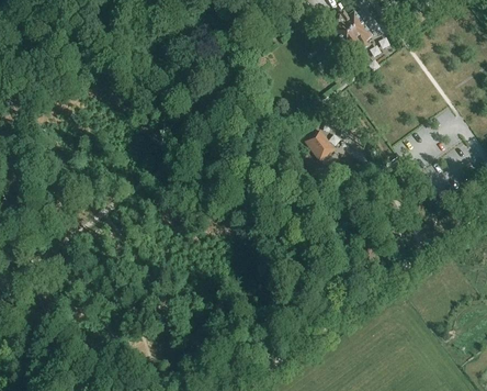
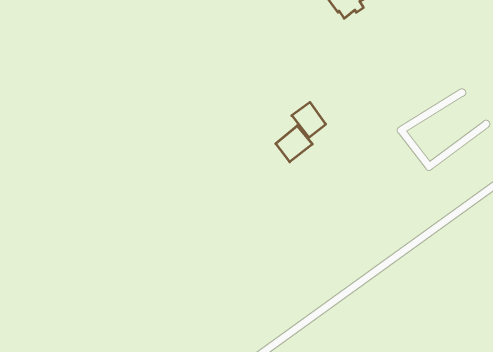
building: none -> [276,126,312,162]

